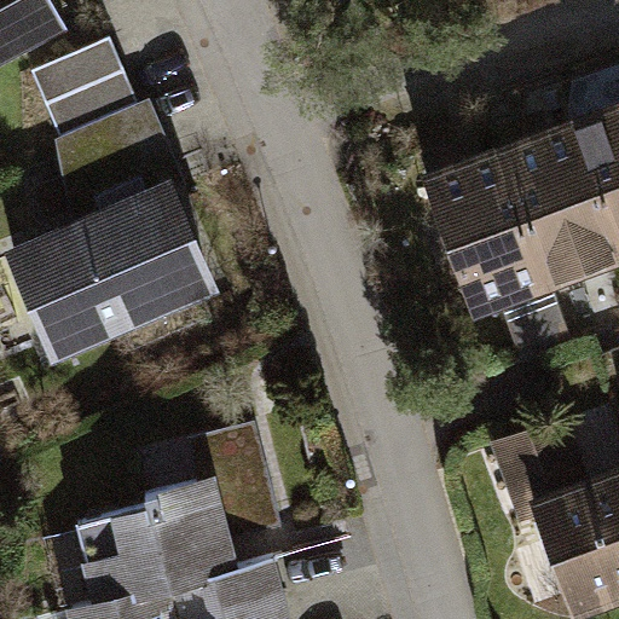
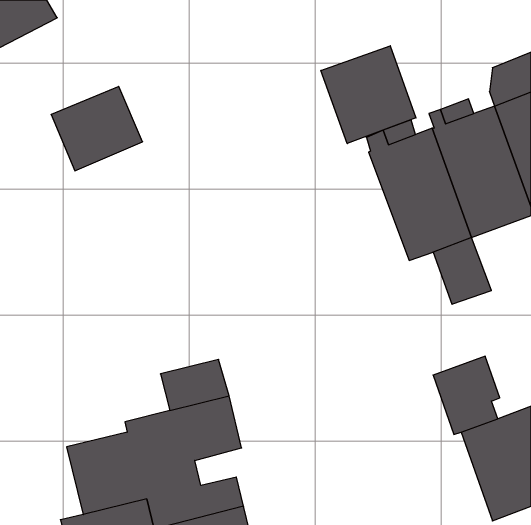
building: [31,44,138,141] -> none
building: none -> [321,46,416,144]
building: [15,195,209,353] -> none

